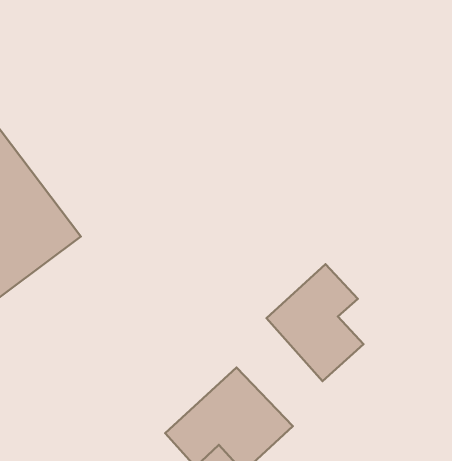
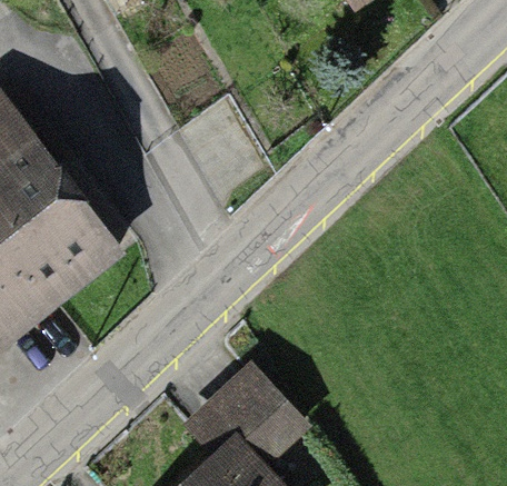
building: [267,264,363,381] -> none

